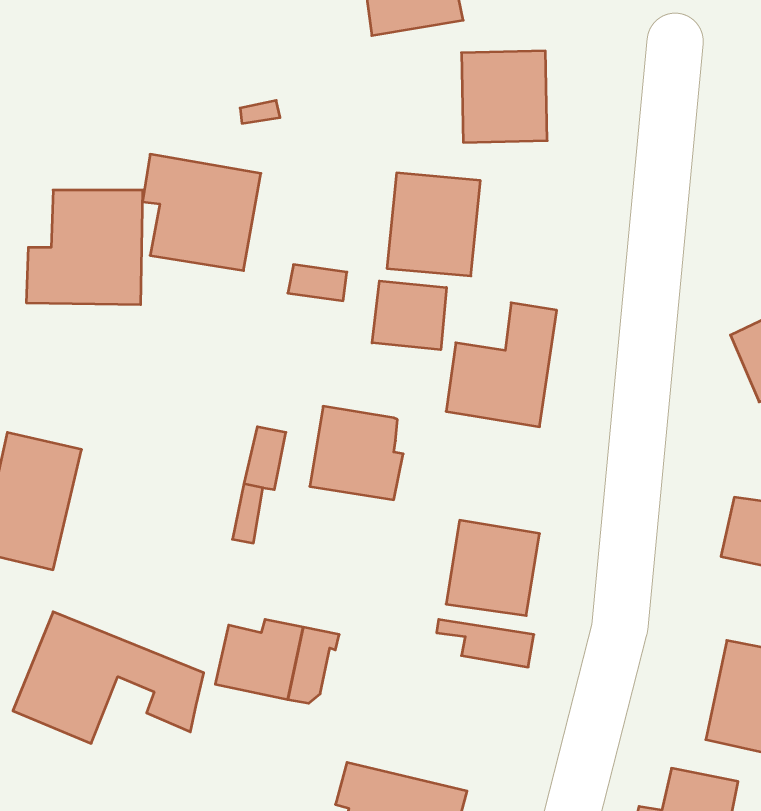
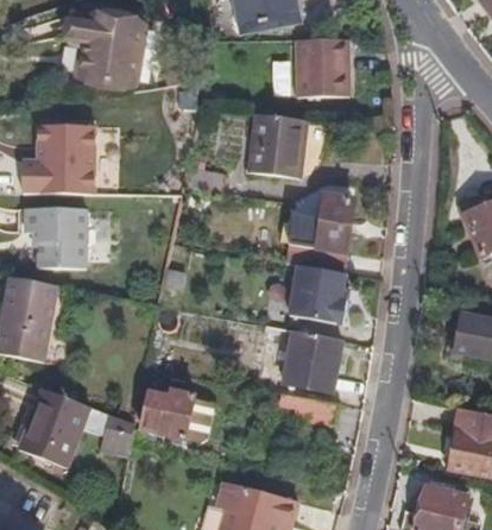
building: [143,154,261,271] -> [70,12,144,84]
building: [372,281,446,350] -> none
building: none -> [24,210,86,270]
building: [310,406,403,500] -> [291,265,349,323]

